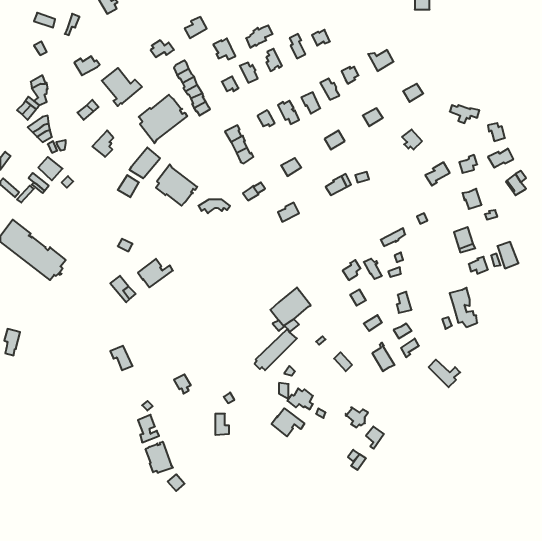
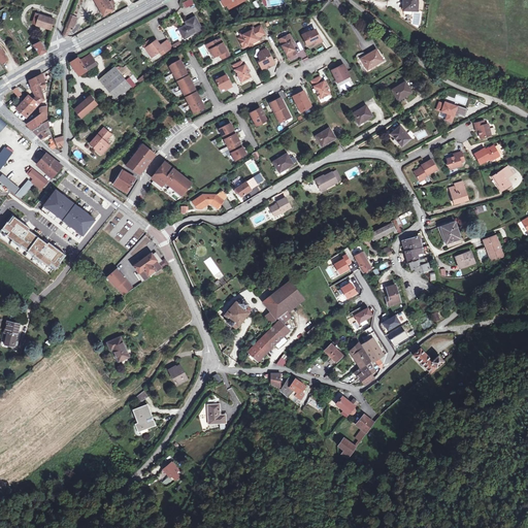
building: [139,95,187,143] -> none
building: none -> [39,189,94,238]
building: [450,288,477,327] -> [402,235,429,273]
building: none -> [225,298,250,327]
building: none -> [351,341,374,383]
building: [272,408,304,436] -> none
building: [146,442,173,473] -> none

